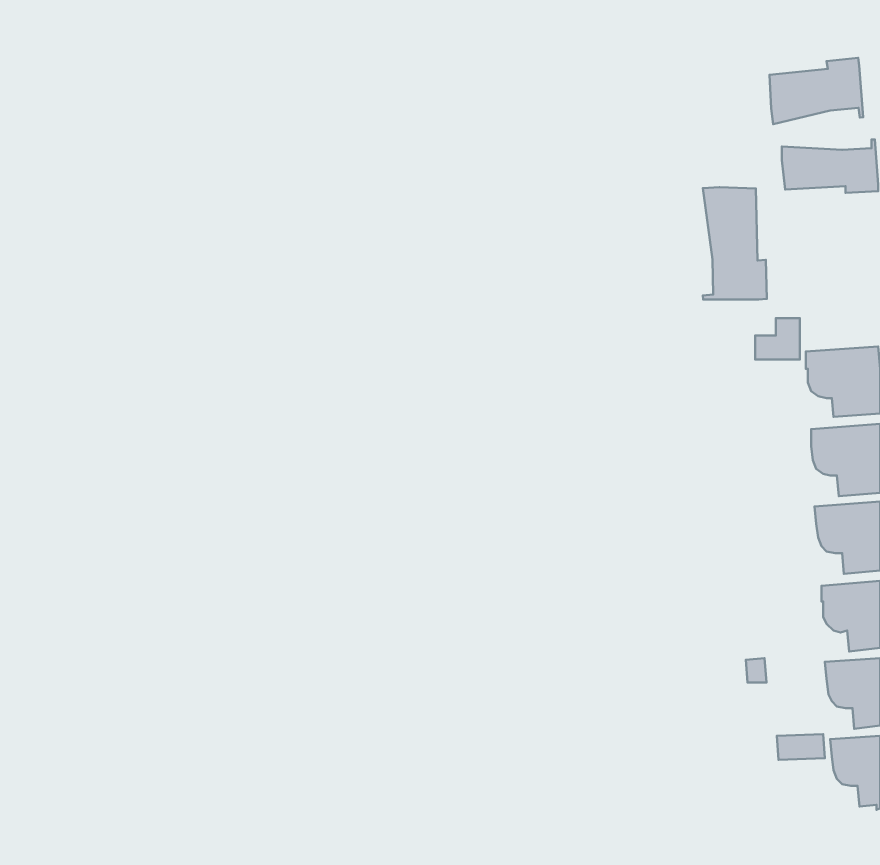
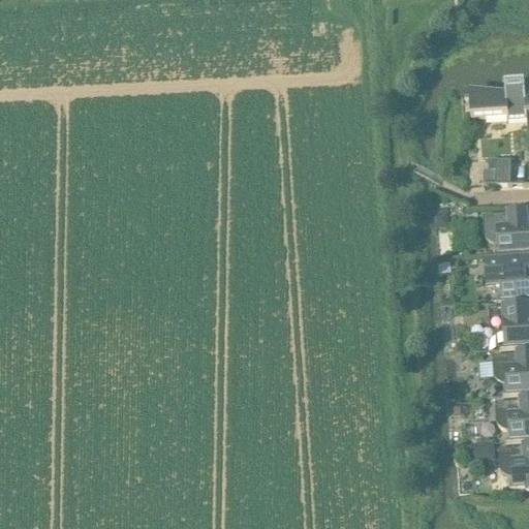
building: [770,58,863,124] -> none
building: [703,187,767,299] -> none
building: [755,318,800,360] -> [484,155,510,180]

